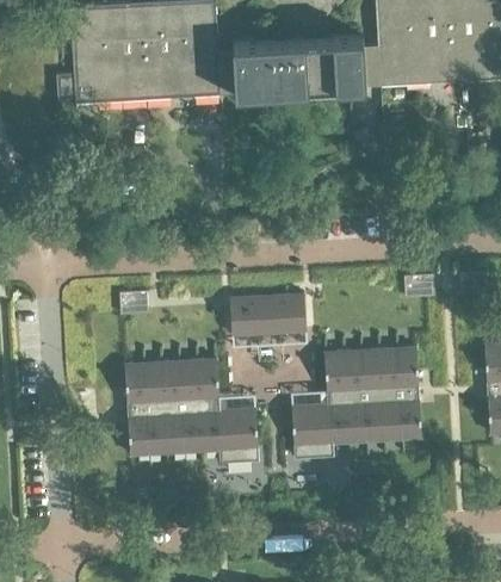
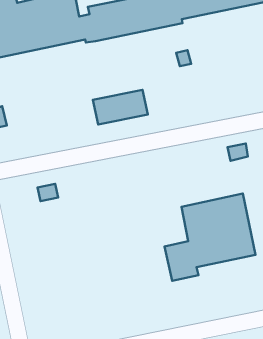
building: [230,296,307,336] -> [93,90,148,125]
building: [125,360,259,464] -> none

